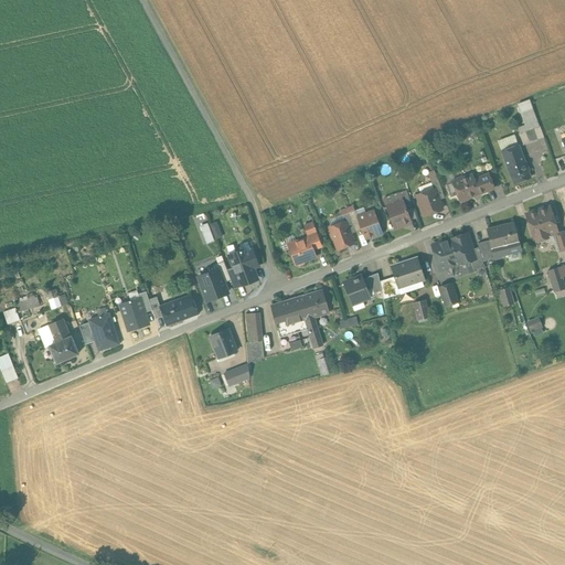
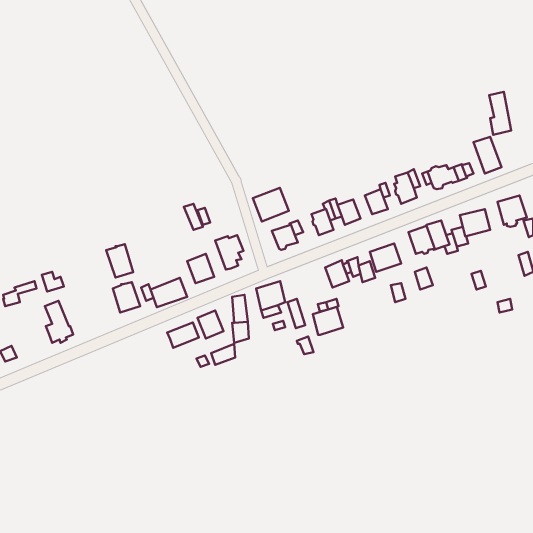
building: none -> [253,188,289,221]
building: [296,289,328,319] -> [313,307,343,335]
building: [88,313,117,349] -> [106,244,133,277]
building: none -> [167,322,199,348]

